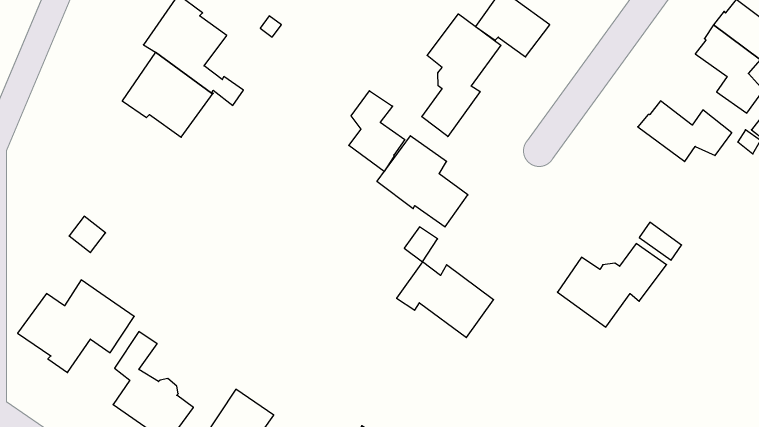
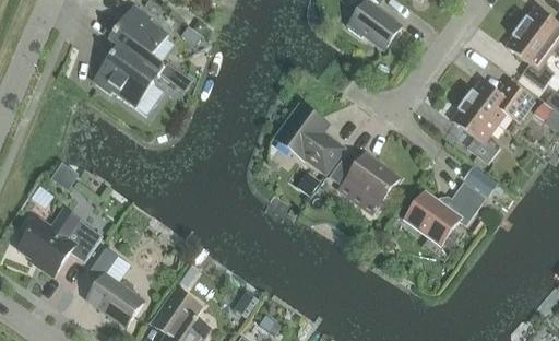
building: [422,14,501,137] -> none
building: [349,91,405,171] -> none
building: none -> [451,98,500,163]
building: [397,262,494,338] -> [329,150,399,204]

